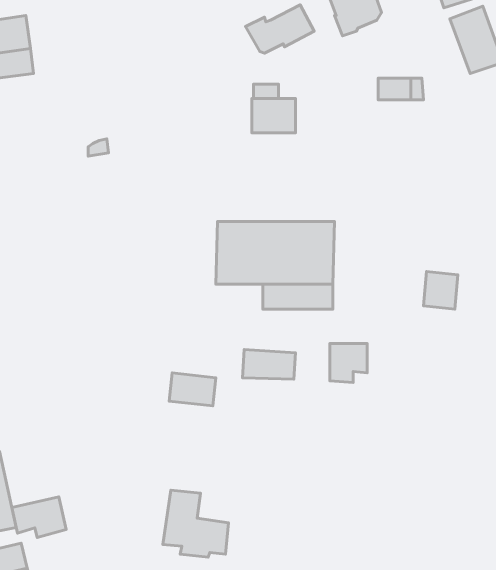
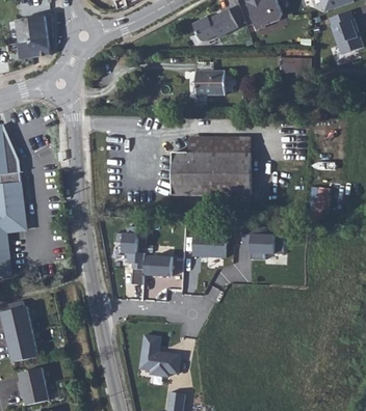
building: none -> [187,136,251,153]
building: none -> [112,229,142,283]
building: [12,497,66,537] -> none

